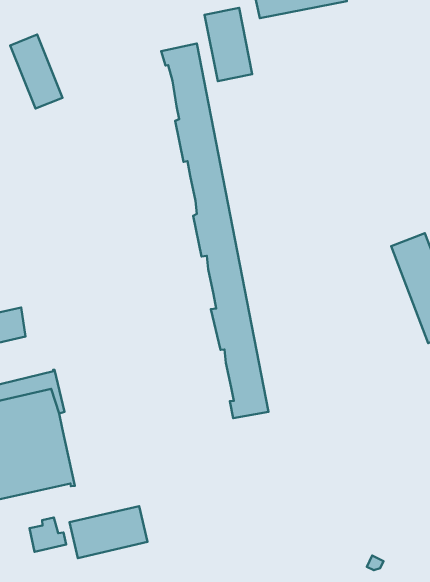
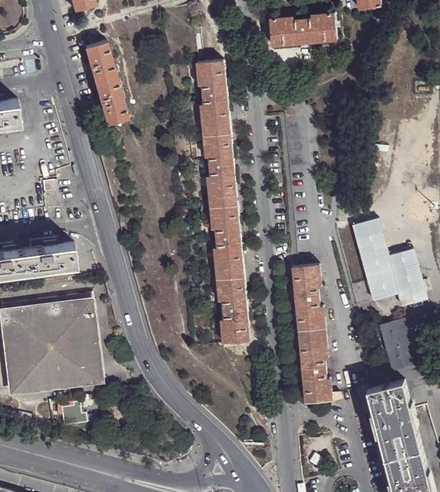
building: [205,8,252,81] -> none
building: none -> [98,91,127,124]
building: none -> [292,266,332,403]
building: [70,506,147,558] -> none

